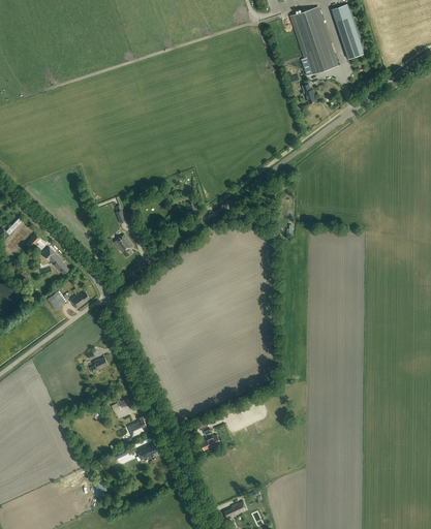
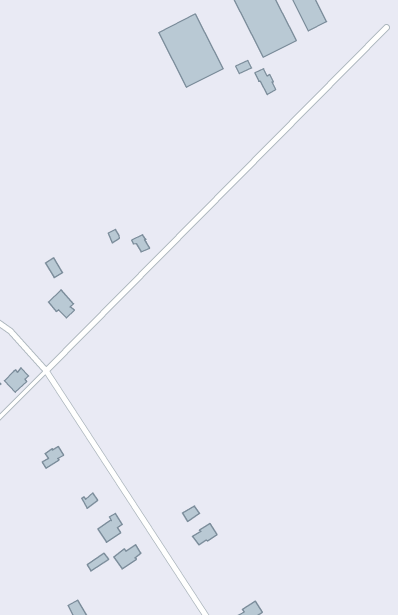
building: none -> [159,14,223,87]

